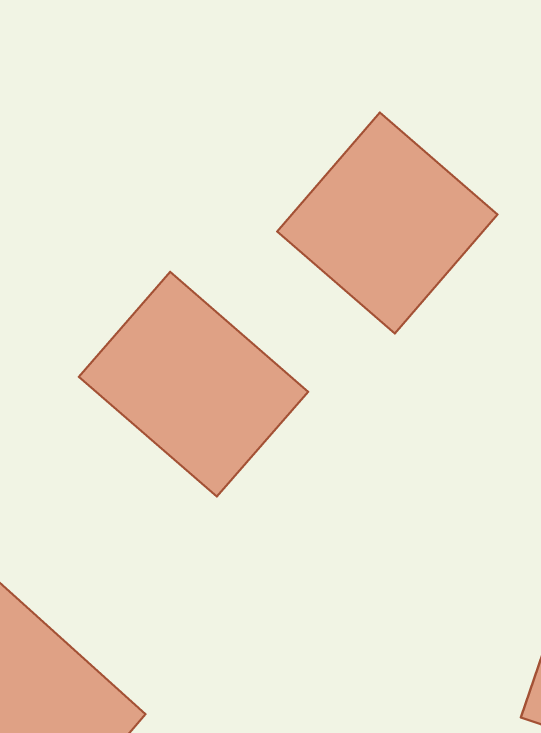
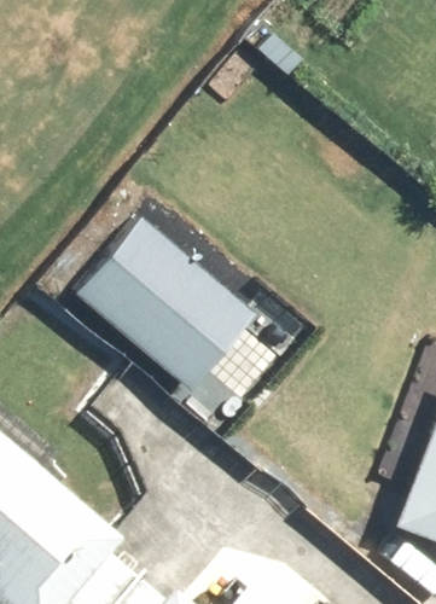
building: [277,112,497,333] -> none

